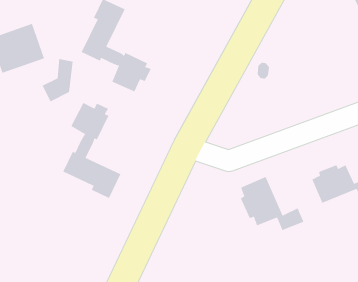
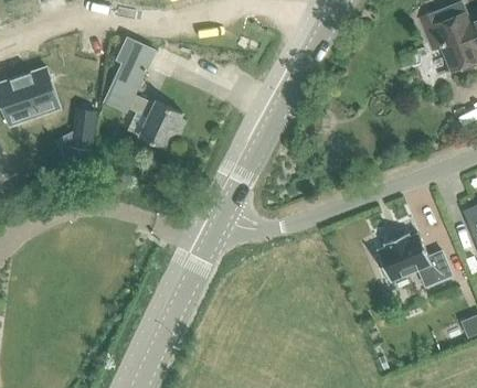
building: [63,102,121,199] -> none
building: [240,176,304,231] -> none

